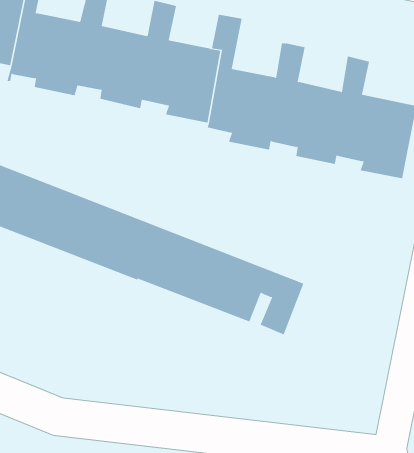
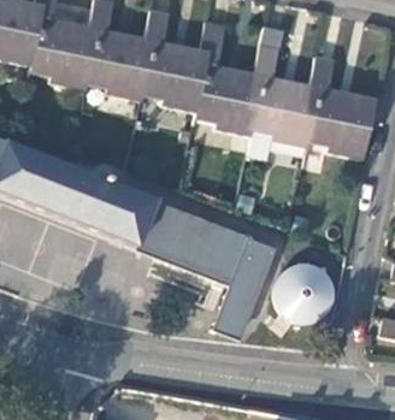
building: none -> [136,243,261,339]
building: none -> [273,260,338,325]

